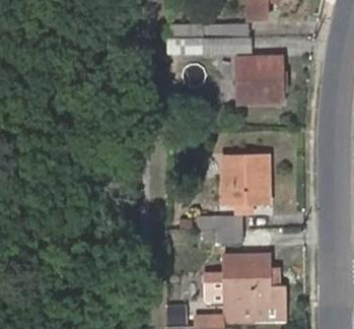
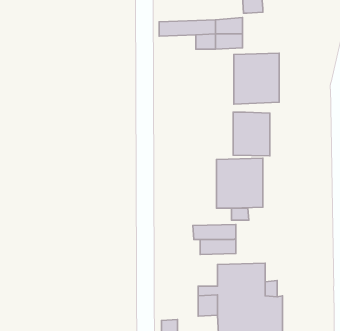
building: none -> [233,112,270,156]

